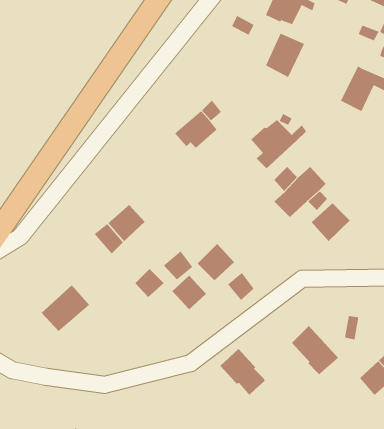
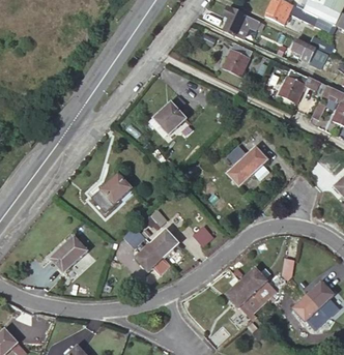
building: [251,119,307,169] -> none
building: [311,202,350,242] -> none
building: [197,243,235,281] -> [135,241,164,270]
building: [219,348,266,396] -> [227,280,262,317]

